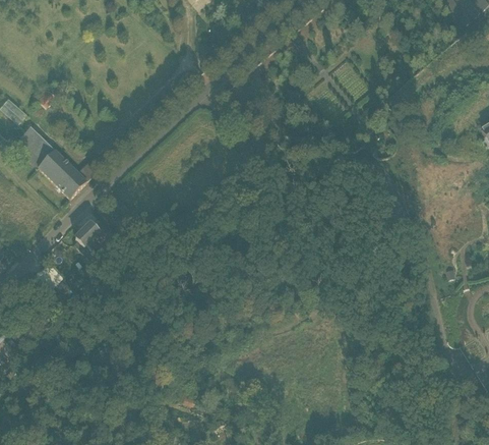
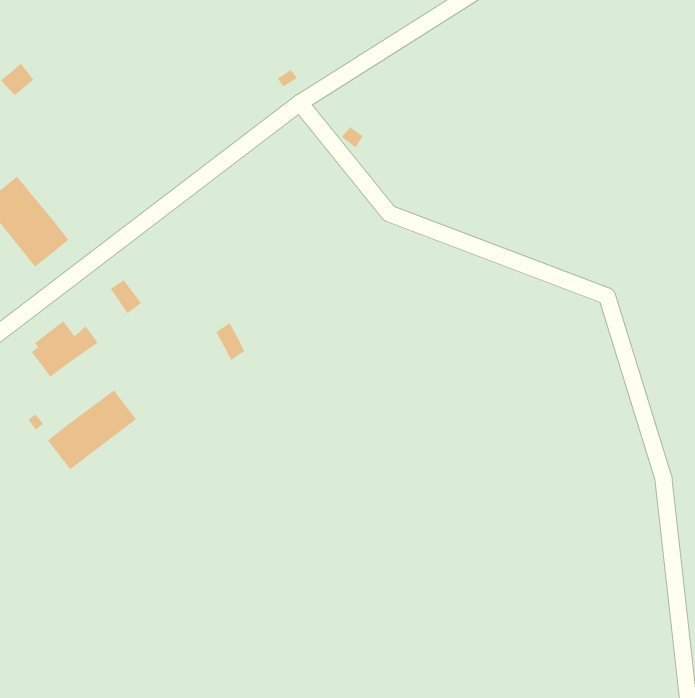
building: none -> [47,390,137,470]

